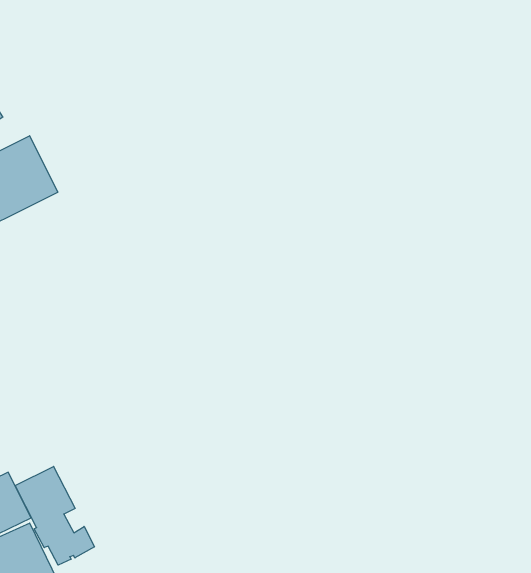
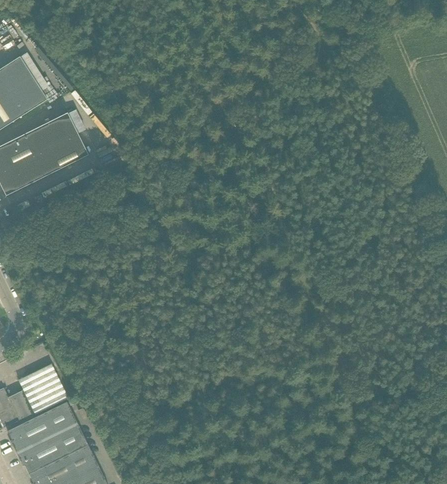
building: [15,466,94,565] -> none

